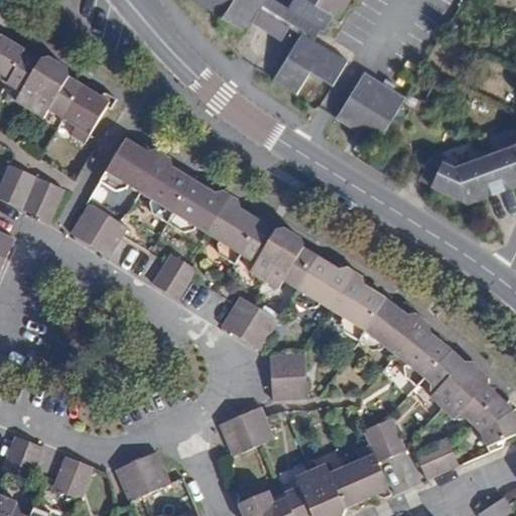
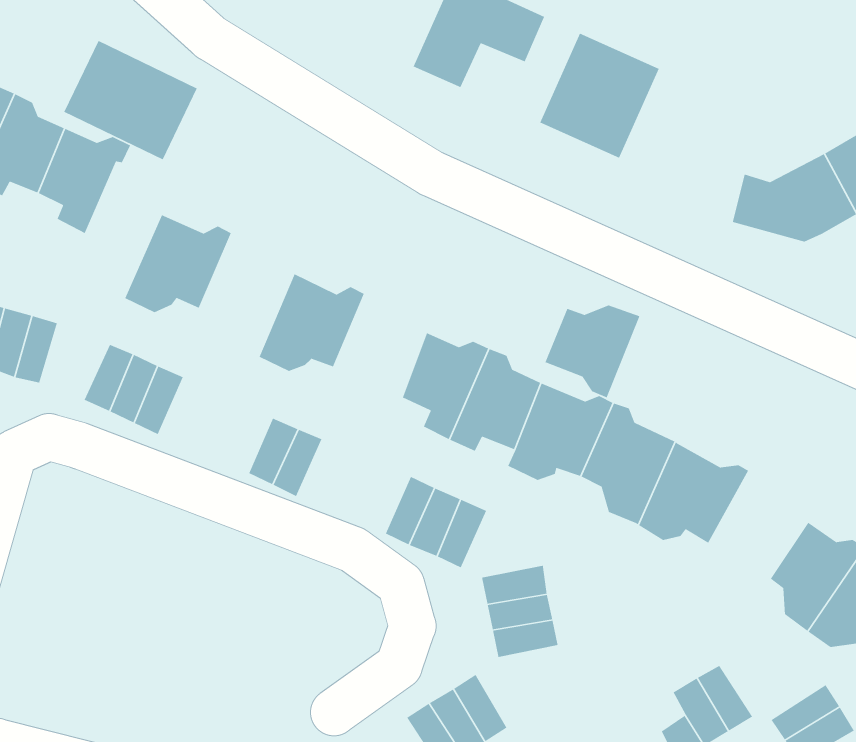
building: none -> [63,40,198,161]
building: [139,152,192,221] -> none
building: [207,195,259,262] -> none
building: none -> [544,305,640,399]
building: [394,317,449,385] -> none

